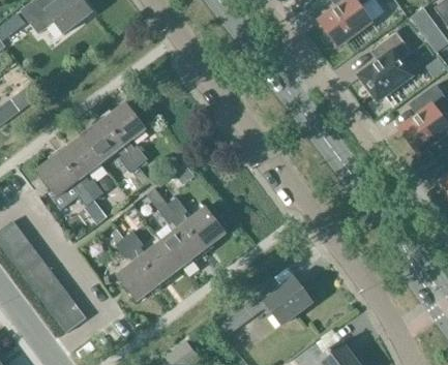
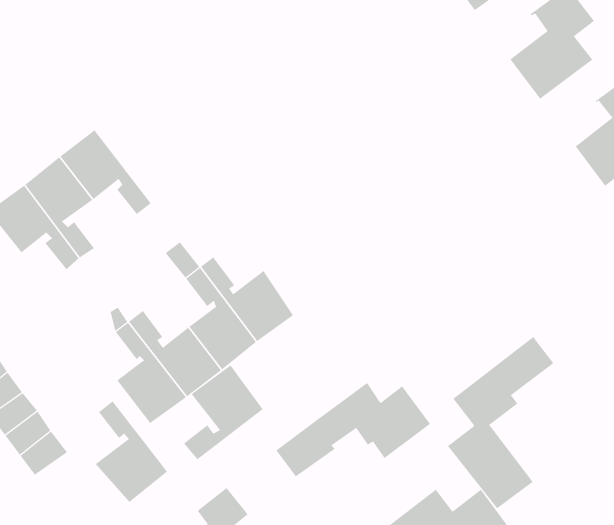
building: [102,102,146,164] -> none
building: none -> [447,336,554,509]
building: none -> [183,364,263,460]
building: none -> [95,400,168,503]

